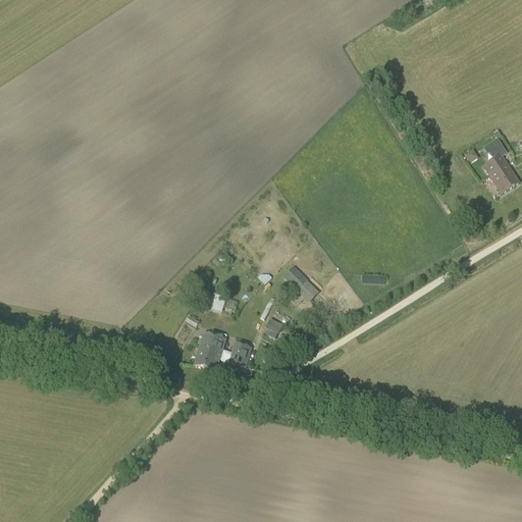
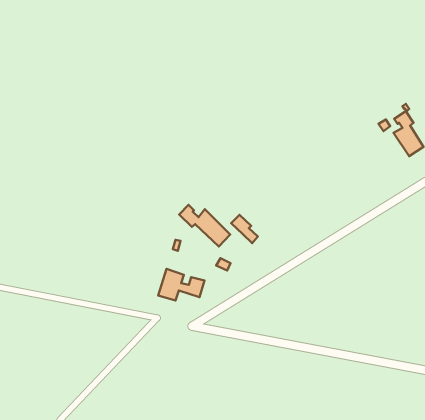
building: none -> [179,205,230,246]

